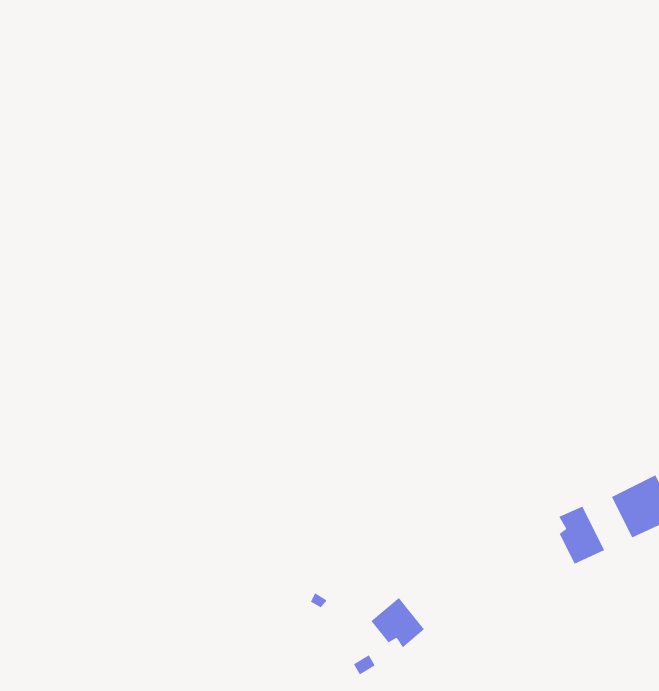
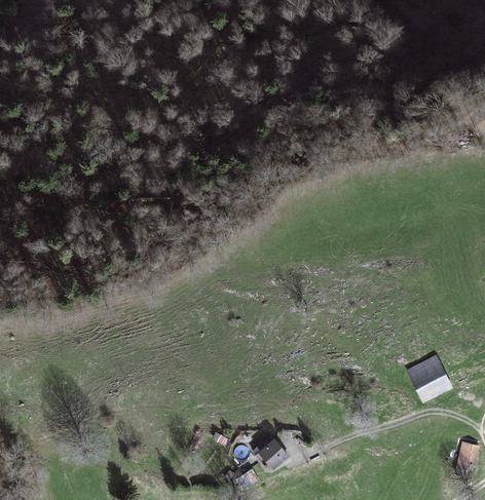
building: [558,506,605,565] -> none

